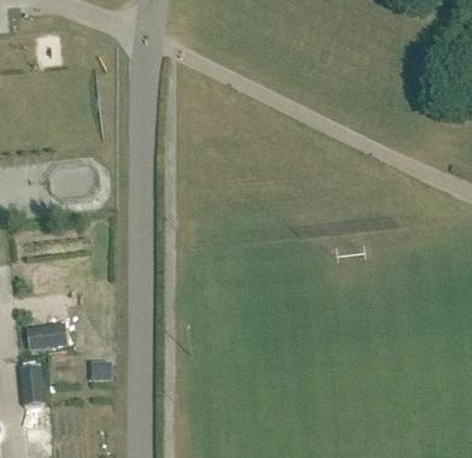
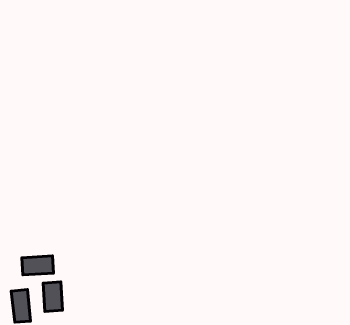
building: none -> [43,282,62,311]

